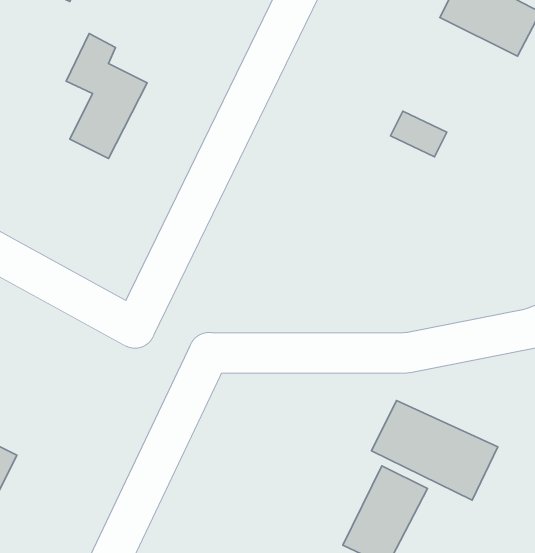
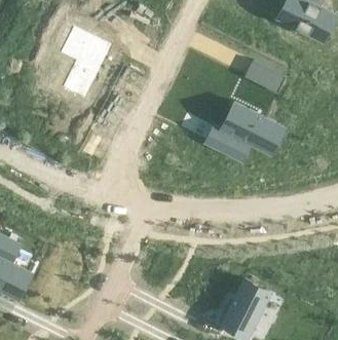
building: none -> [205,101,284,159]
building: [371,400,498,500] -> none

